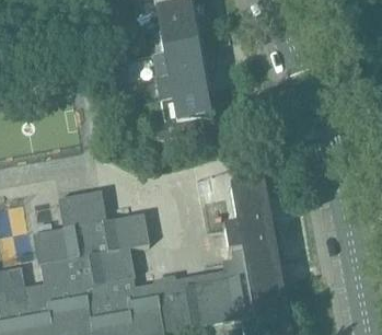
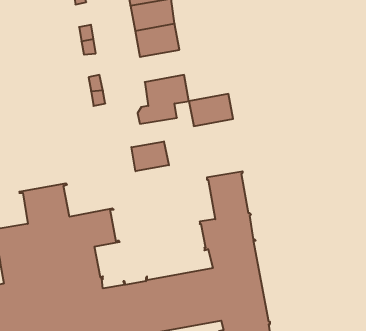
building: [169,67,209,96] -> [189,94,233,126]
building: none -> [131,141,169,171]

